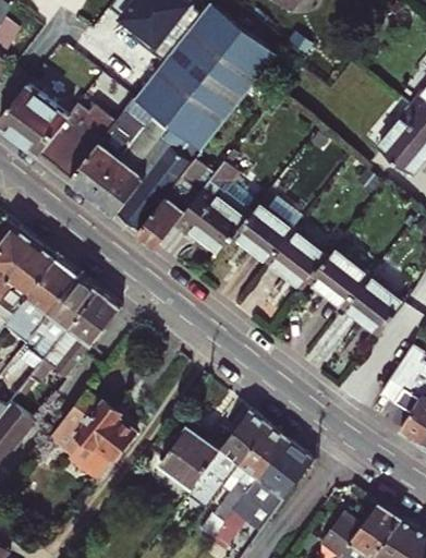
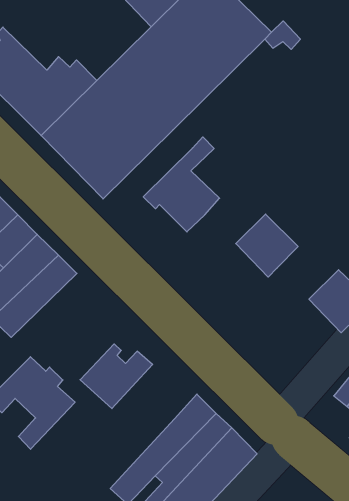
building: [136,159,216,248] -> none
building: [235,203,293,260] -> none
building: [311,247,369,305] -> none
building: [162,420,230,482] -> [80,344,153,409]

